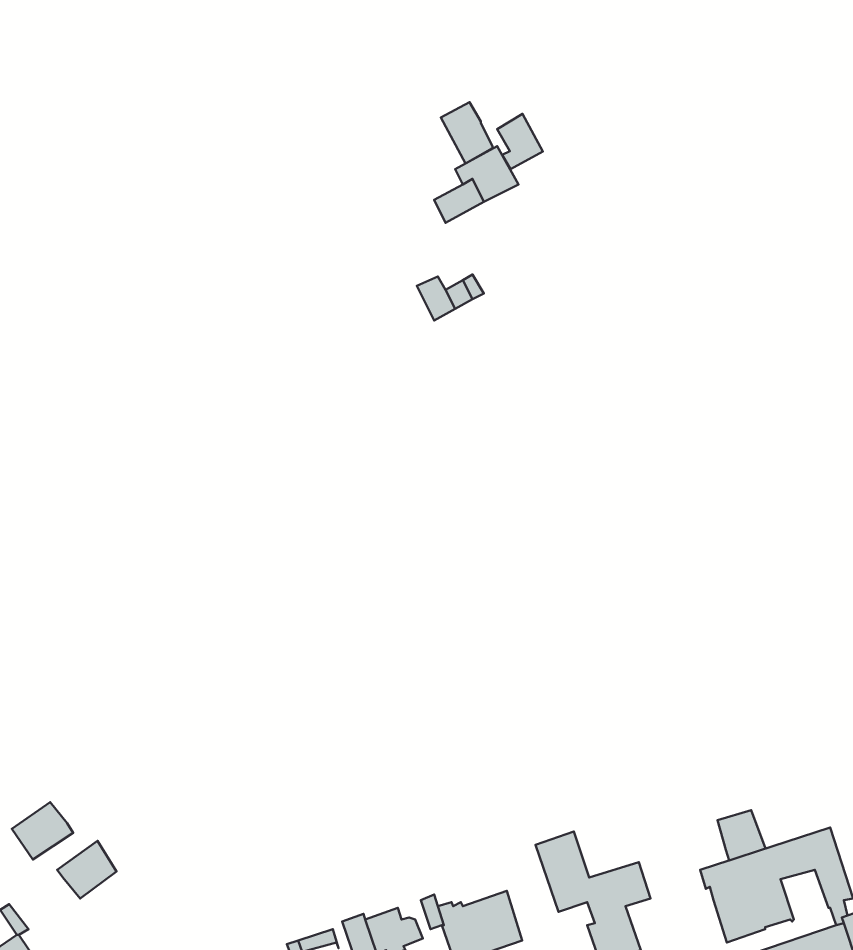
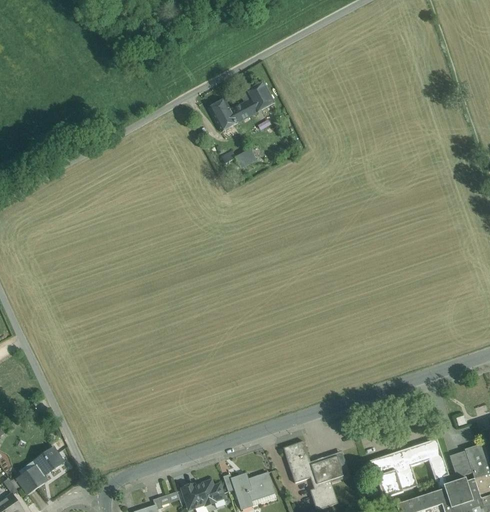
building: [441,102,492,163] -> [209,99,236,131]
building: [497,114,543,169] -> none
building: [12,802,73,859] -> [16,464,48,494]
building: [718,810,765,860] -> none

